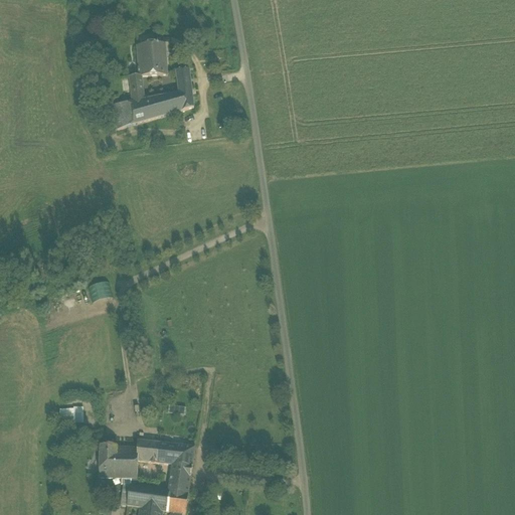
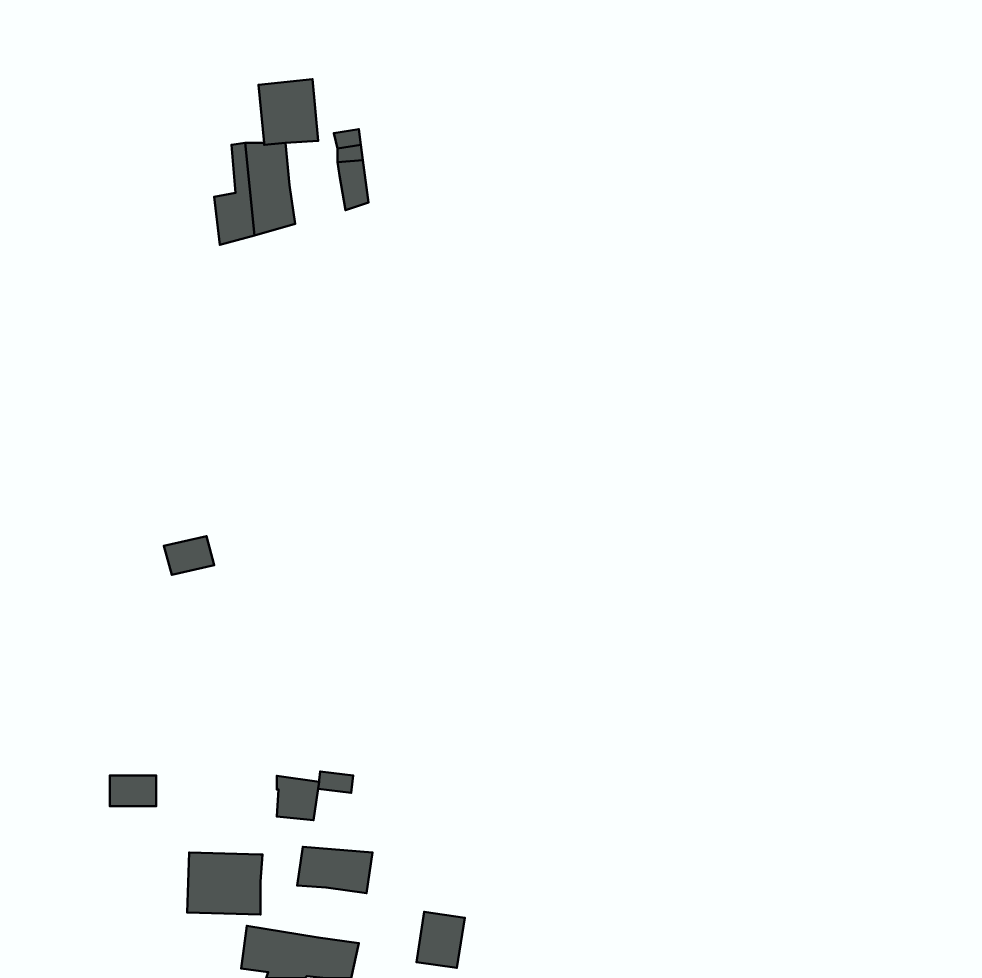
building: [151,92,180,117] -> none
building: [136,439,158,462] -> [277,776,319,820]
building: [166,463,191,492] -> [416,912,465,968]

